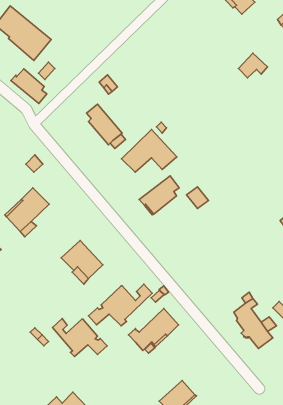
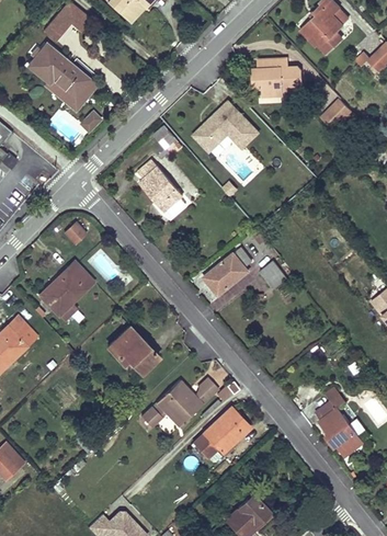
building: none -> [251,59,303,95]
building: [11,69,47,103] -> none
building: [121,130,177,172] -> [192,101,259,152]
building: [52,319,107,357] -> none

